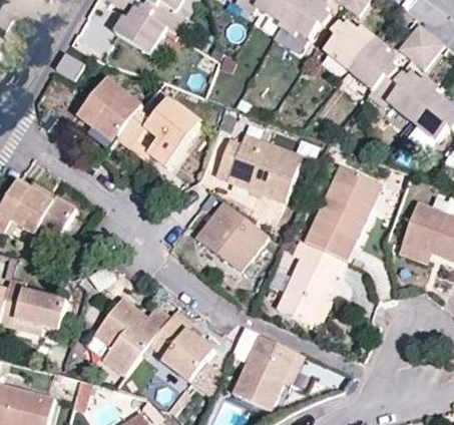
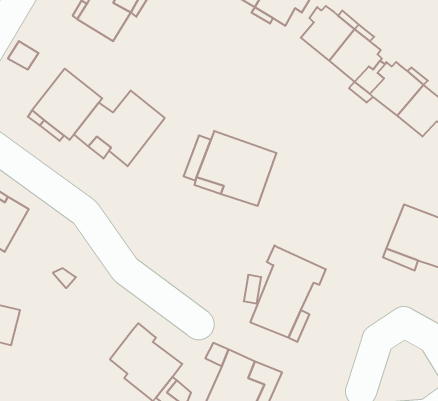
building: [398,22,443,67] -> none
building: [302,165,381,261] -> none
building: [194,199,269,271] -> none
building: [92,296,169,375] -> none

